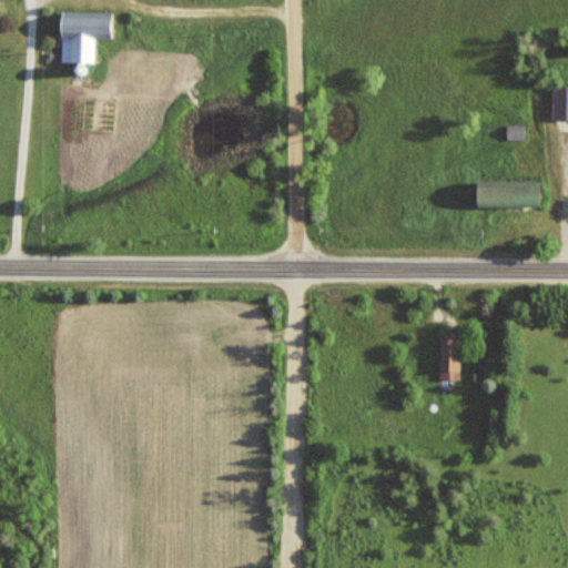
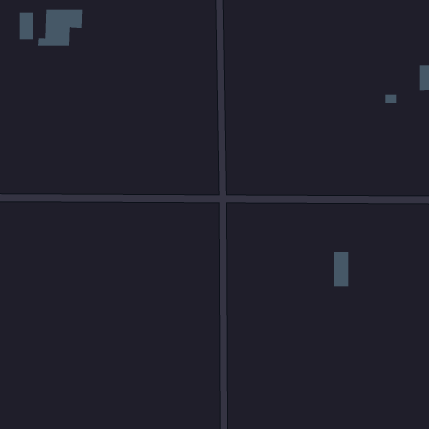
building: none -> [19,12,33,40]
building: [477,182,540,206] -> none

